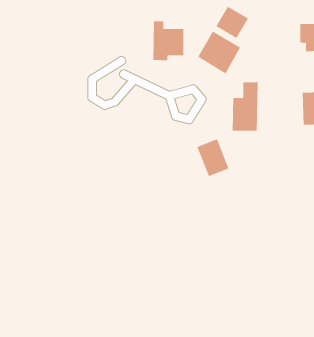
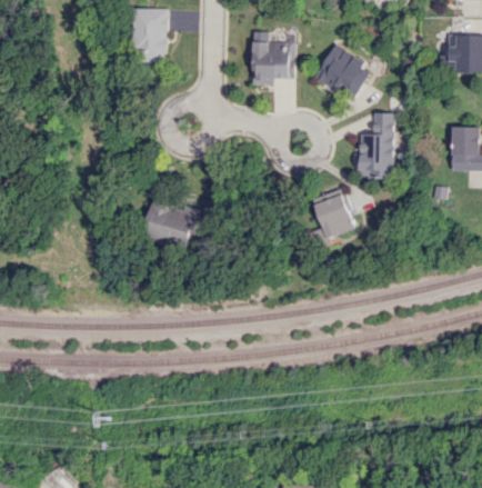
building: none -> [133,8,169,62]
building: [216,6,249,39] -> none
building: none -> [148,205,203,243]

